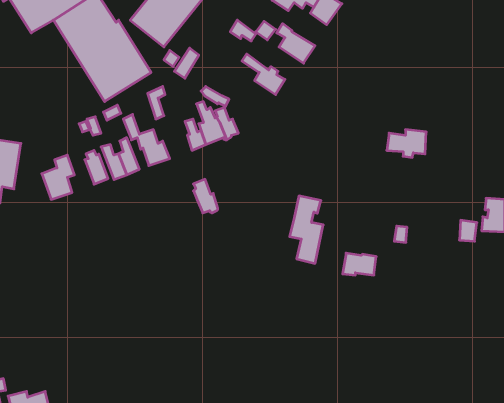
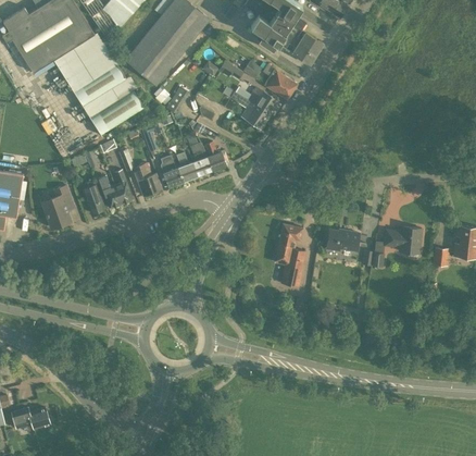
building: none -> [234,87,278,115]
building: [387,130,426,157] -> [384,226,421,252]
building: [193,179,218,213] -> [160,155,183,186]
building: [343,253,376,275] -> [327,230,359,250]

